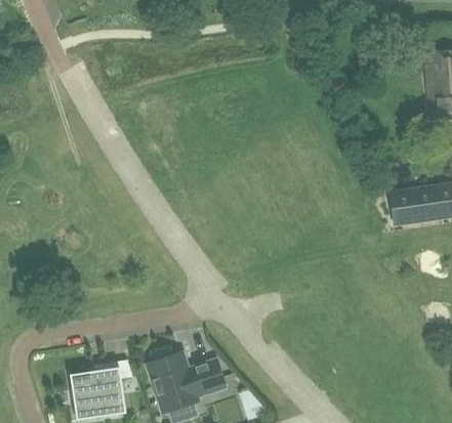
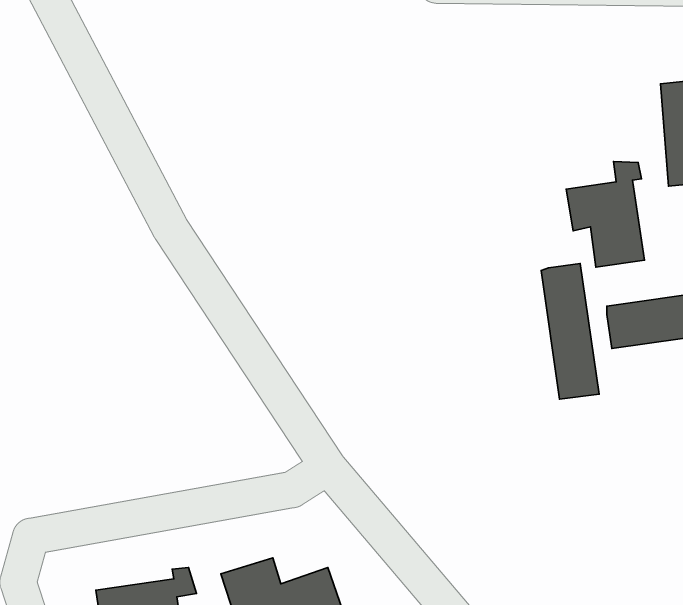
building: none -> [566,162,644,267]
building: none -> [541,263,599,399]

